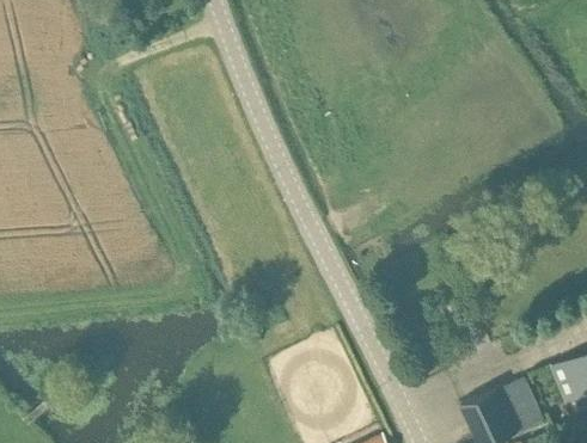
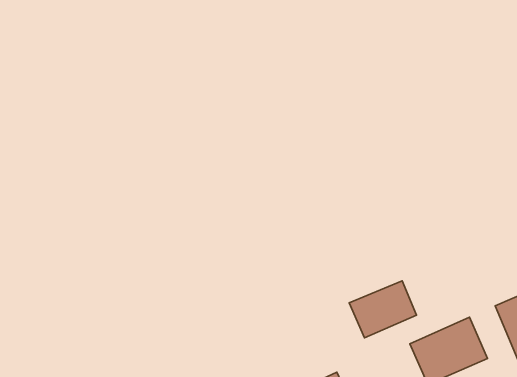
building: none -> [349,281,417,338]

